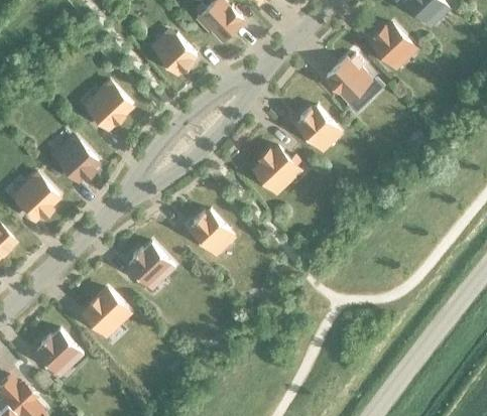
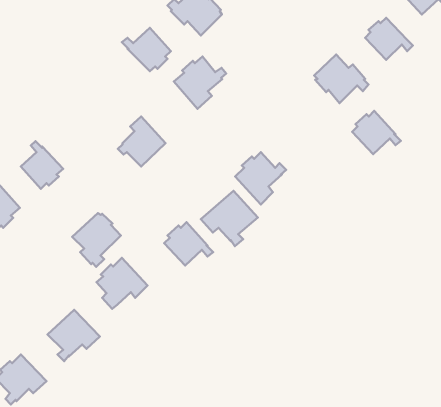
building: none -> [174,57,226,109]
building: [87,83,130,128] -> [118,117,166,167]
building: [295,107,340,146] -> [352,111,401,154]
building: none -> [201,191,258,246]
building: none -> [72,213,121,267]

